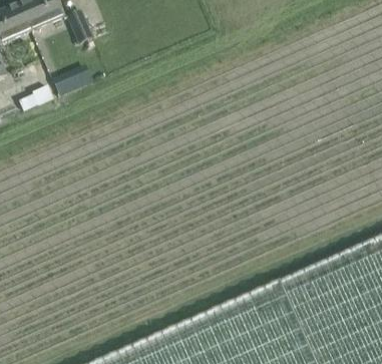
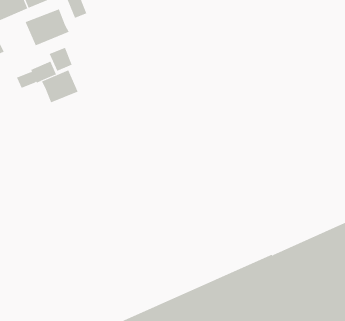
building: none -> [25,9,69,46]
building: none -> [41,70,79,103]

